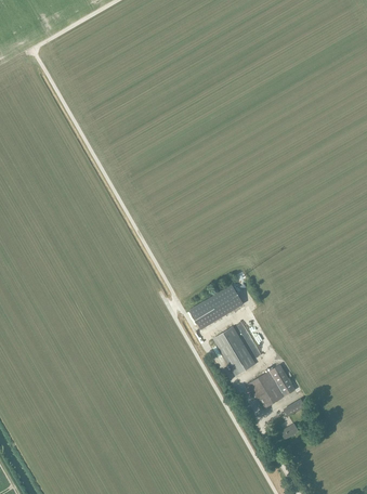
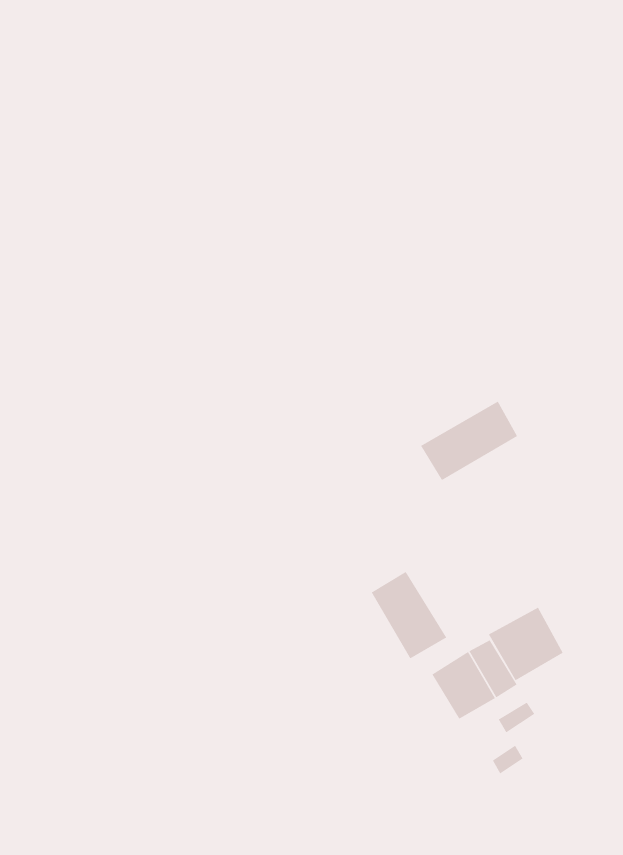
building: [191,283,245,327] -> [420,401,518,481]
building: none -> [488,607,563,681]

